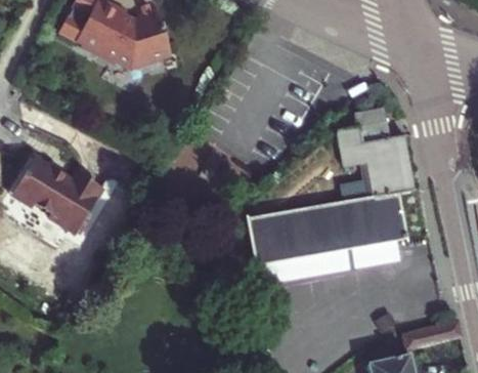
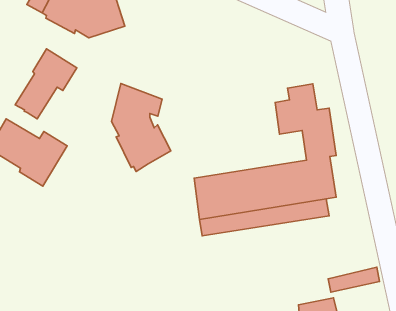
building: none -> [15,49,77,119]
building: none -> [111,83,171,171]

